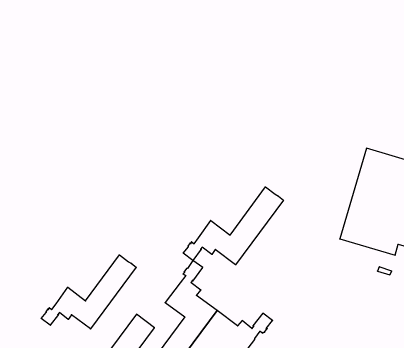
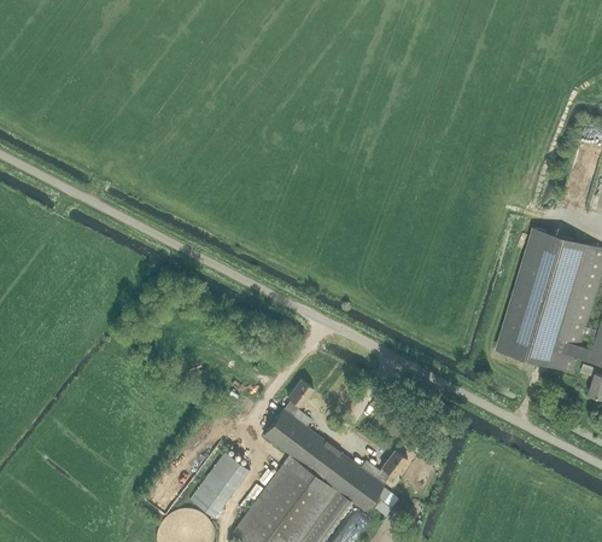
building: [183,187,283,265] -> none
building: [41,255,136,329] -> none

